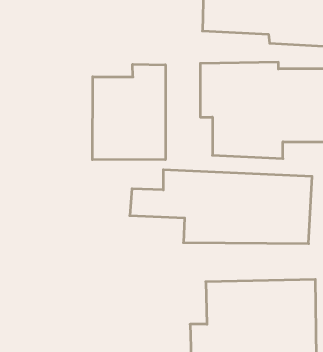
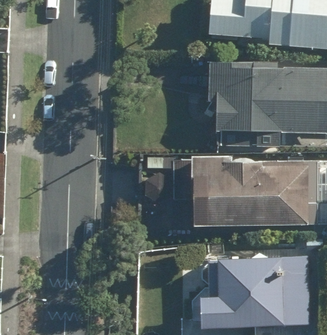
building: [92,64,165,160] -> none

